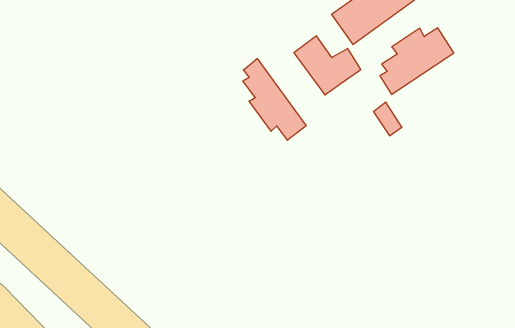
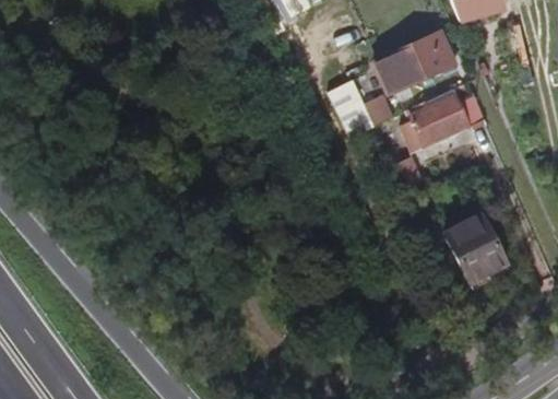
building: [243,59,306,140] -> none
building: none -> [444,213,508,281]

